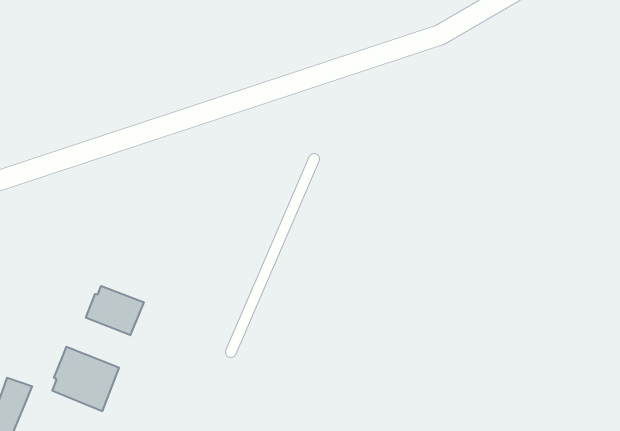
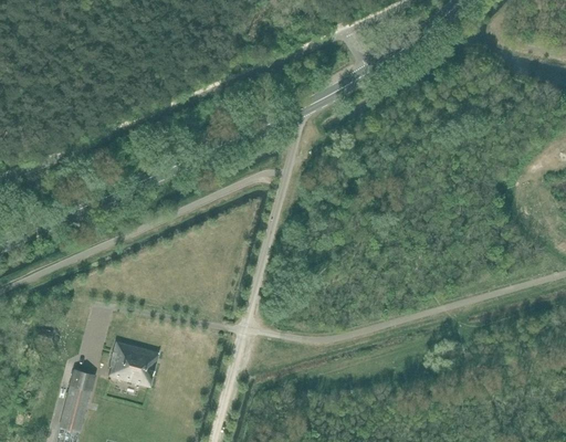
building: [86,286,144,335] -> none

